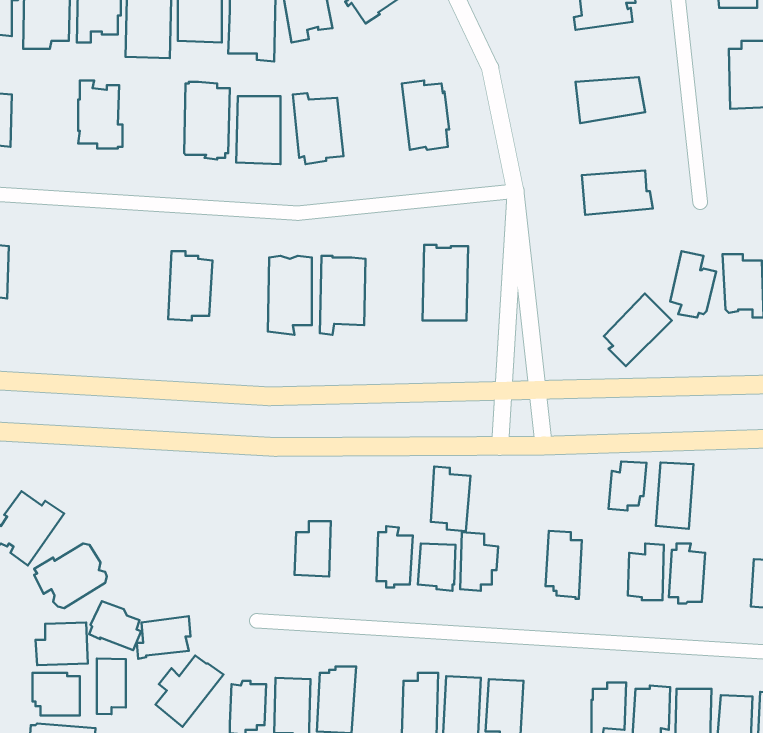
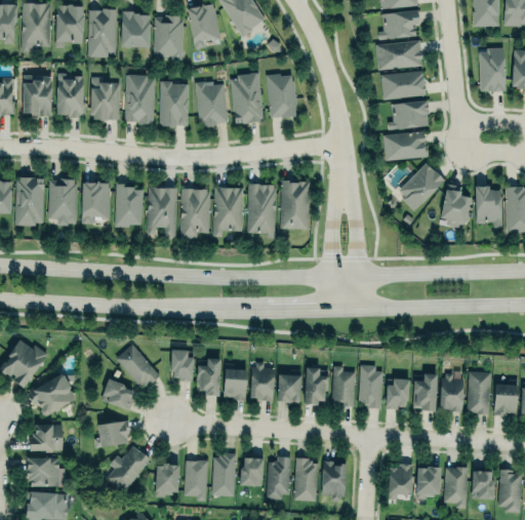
building: none -> [375,42,421,70]
building: none -> [231,75,261,124]
building: none -> [24,76,52,117]
building: none -> [90,77,120,120]
building: none -> [388,99,430,130]
building: none -> [14,176,44,226]
building: none -> [49,179,77,223]
building: none -> [81,179,111,225]
building: none -> [247,184,276,239]
building: none -> [147,187,177,238]
building: [604,294,672,366] -> [400,162,444,209]
building: [609,461,647,510] -> [386,377,410,409]
building: [656,463,694,529] -> [467,371,491,414]
building: [431,466,470,531] -> [331,365,357,407]
building: none -> [115,345,159,390]
building: none -> [171,351,193,381]
building: none -> [223,369,246,400]
building: [89,601,141,650] -> [100,378,134,410]
building: [97,659,126,714] -> none
building: none -> [240,457,264,485]

